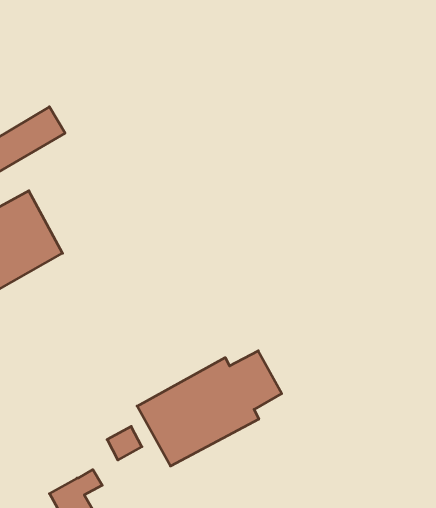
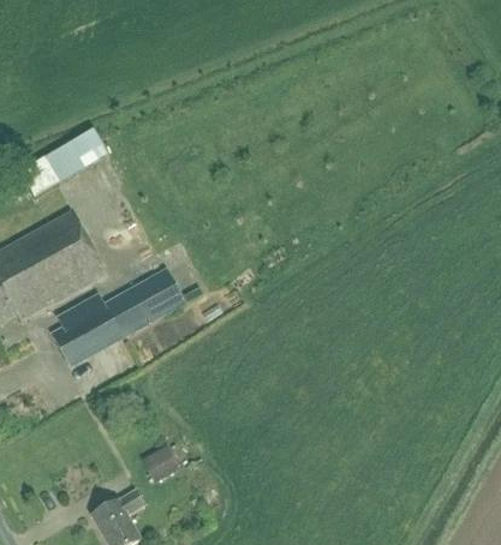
building: none -> [53,266,186,360]
building: [137,351,282,466] -> none

